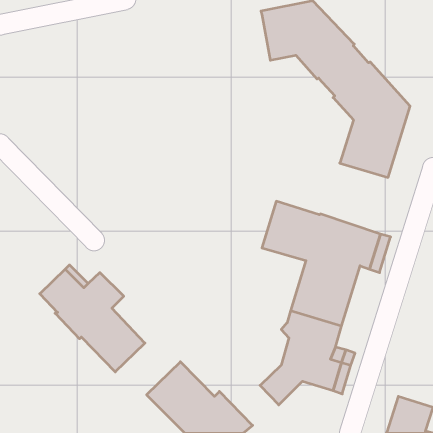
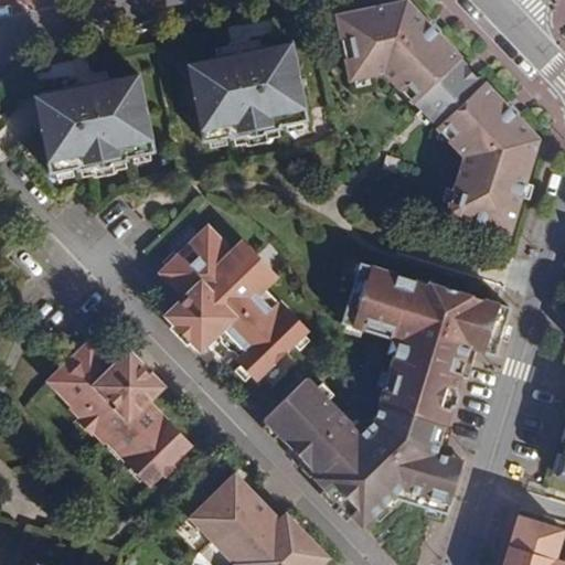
building: none -> [188,42,309,143]
building: none -> [35,74,156,174]
building: none -> [164,228,309,381]
building: none -> [264,377,376,501]

